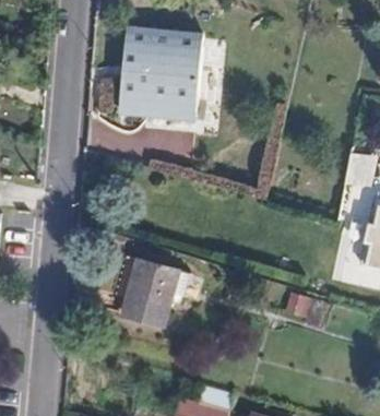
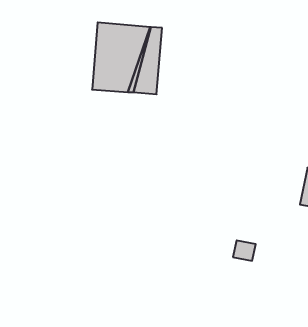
building: [116,257,179,329] -> none

